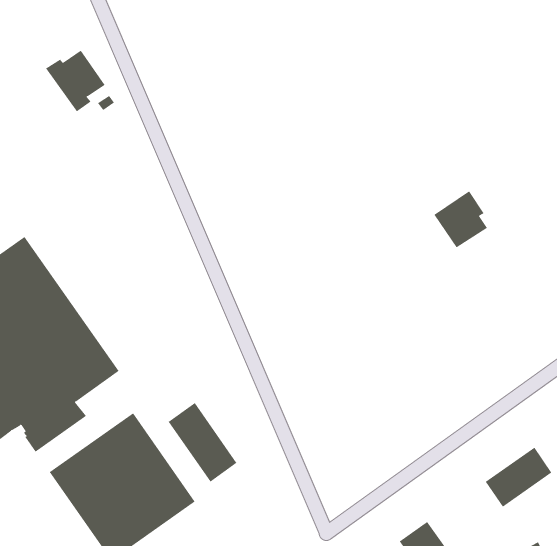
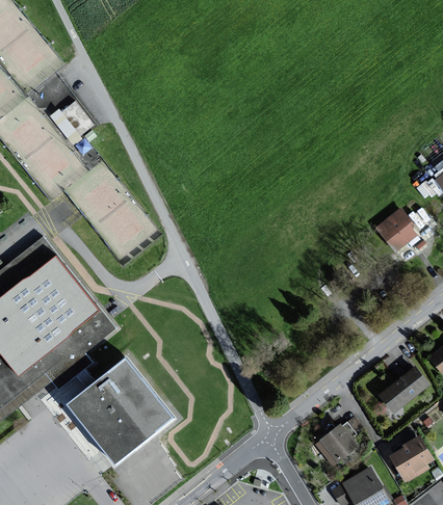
building: [433,191,488,248] -> [375,210,415,251]
building: [168,402,237,482] -> none

